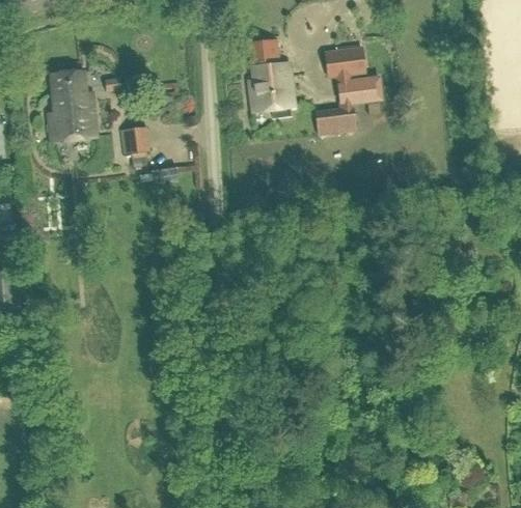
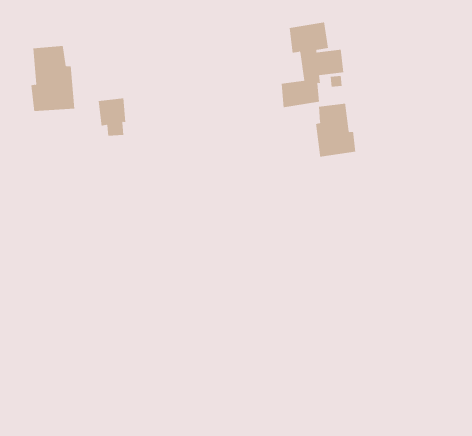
building: [249,38,295,111] -> none
building: none -> [316,103,356,157]

